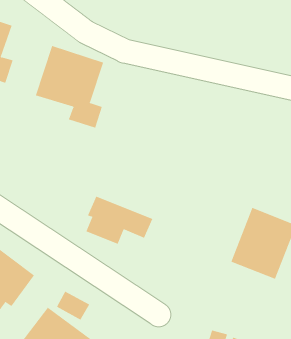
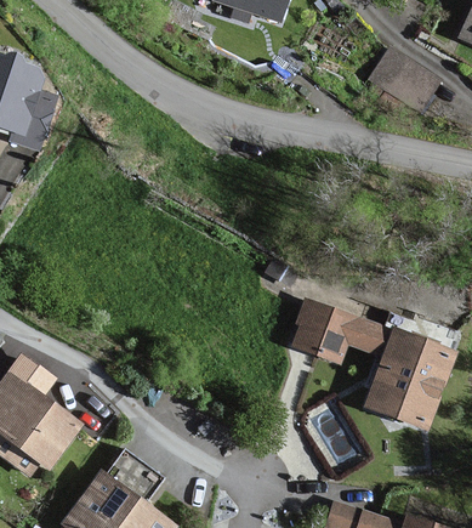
building: [35,45,104,129] -> none
building: [86,196,153,244] -> [291,297,387,367]

